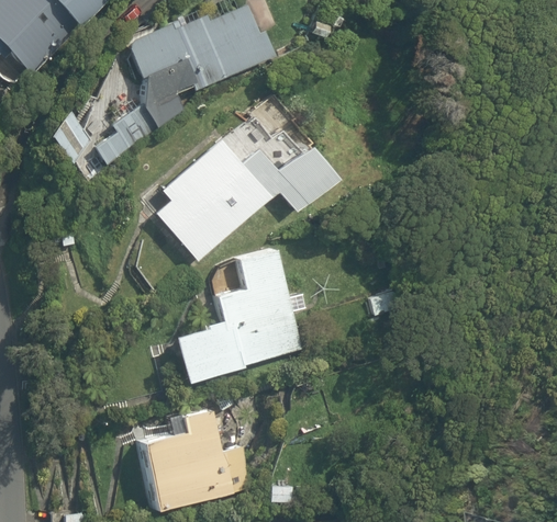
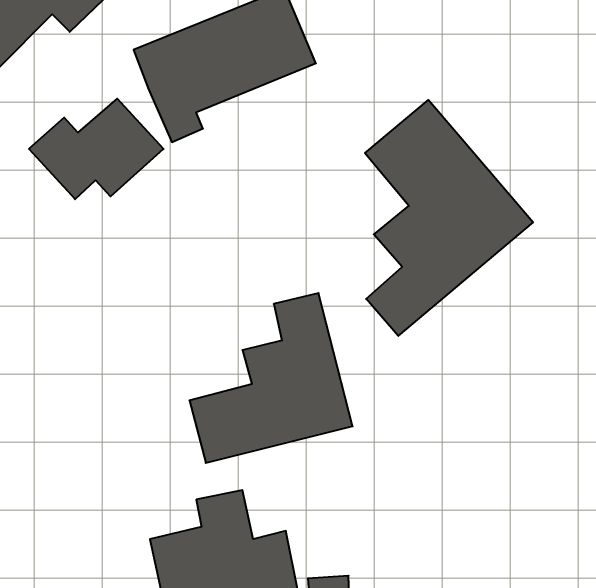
building: none -> [365,100,533,336]
building: [155,136,336,261] -> none

